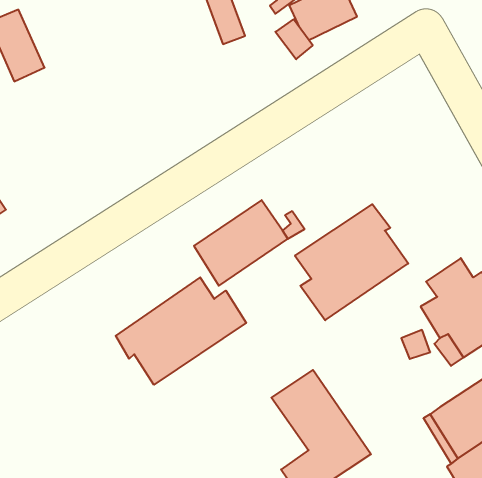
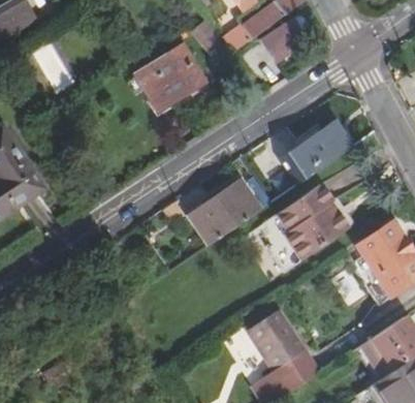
building: none -> [138,45,203,107]
building: none -> [287,120,355,180]
building: [116,277,246,385] -> none

